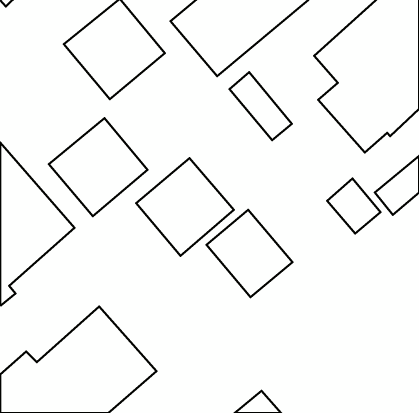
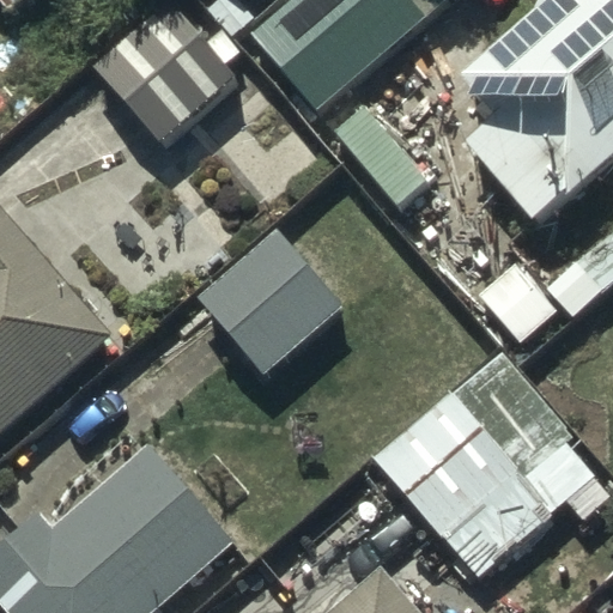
building: [49,118,148,216] -> none
building: [207,210,292,297] -> none
building: none -> [376,352,581,573]

